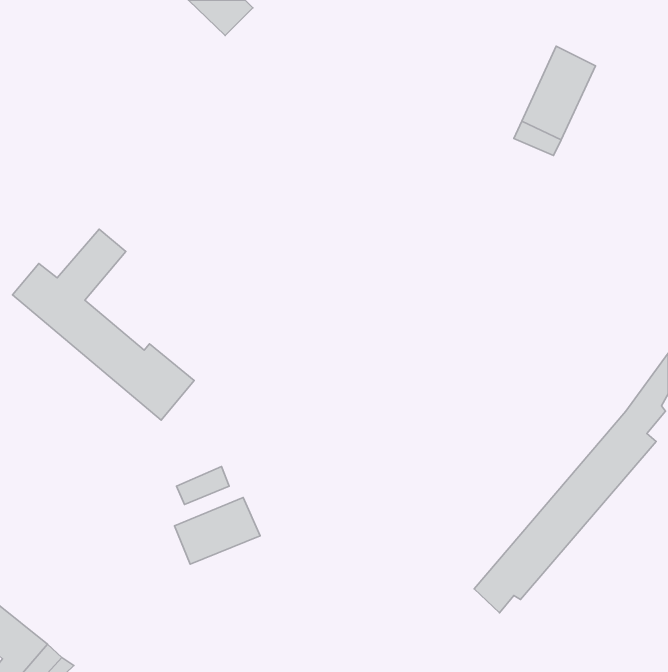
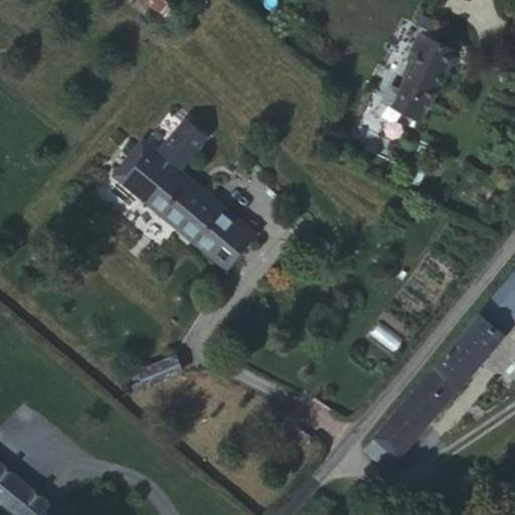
building: [12,229,194,420] -> [113,124,251,270]
building: [174,498,260,564] -> none

